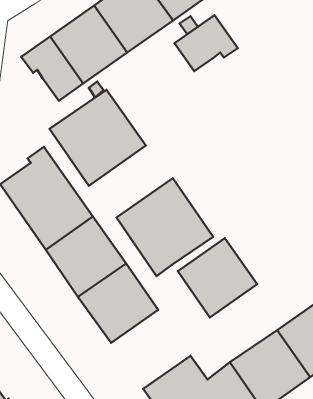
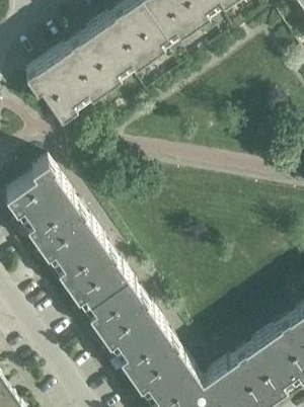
building: [174,15,238,71] -> none
building: [50,90,146,186] -> none
building: [116,178,213,276] -> none
building: [178,238,257,317] -> [108,312,183,387]

